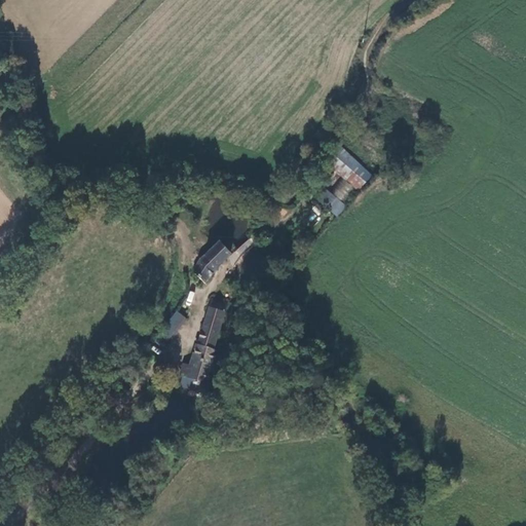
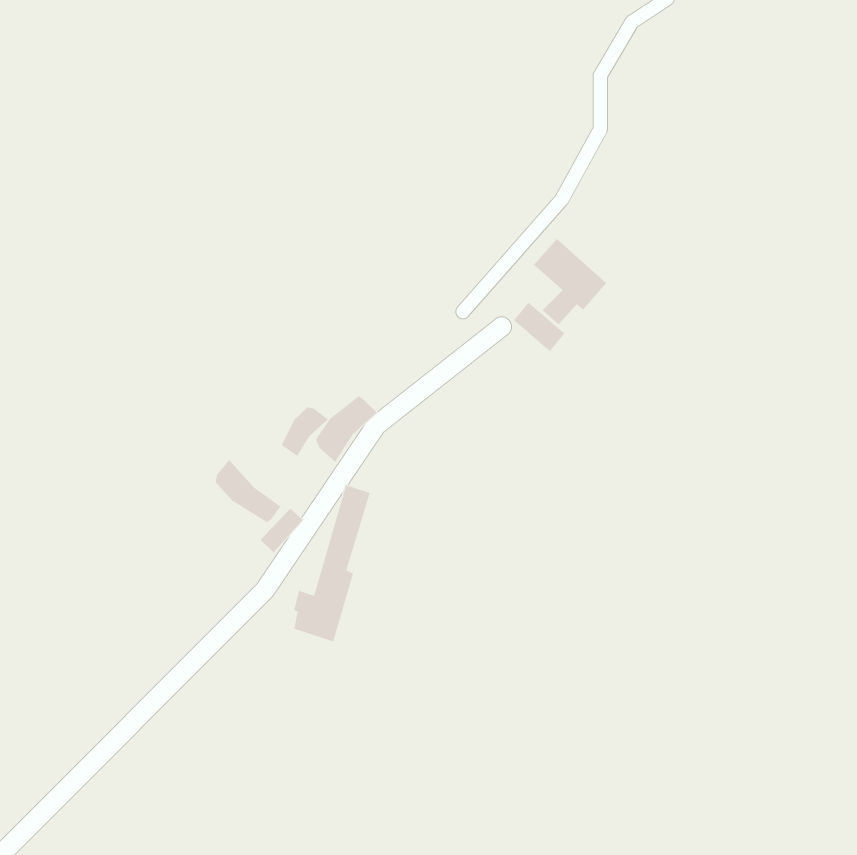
building: none -> [281,406,329,457]
building: none -> [215,459,281,523]

